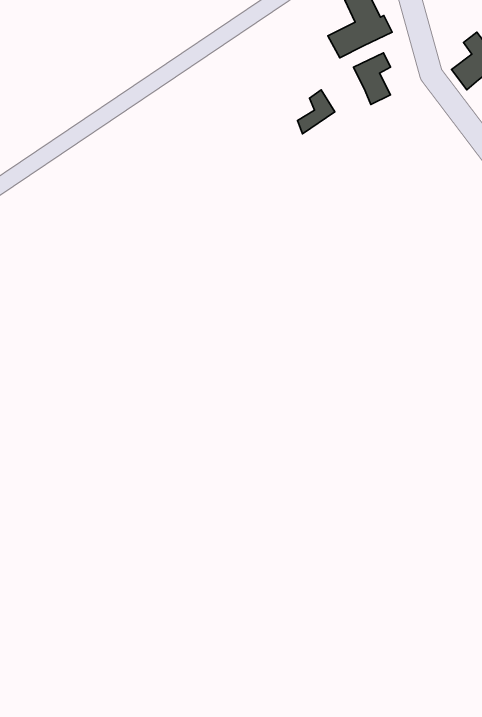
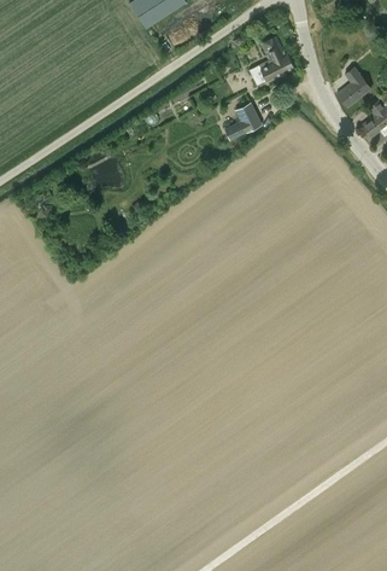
building: [353,53,391,105] -> none

